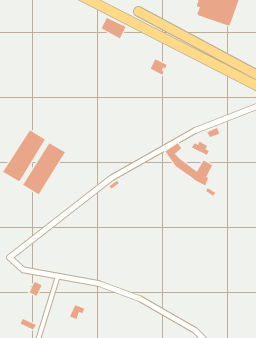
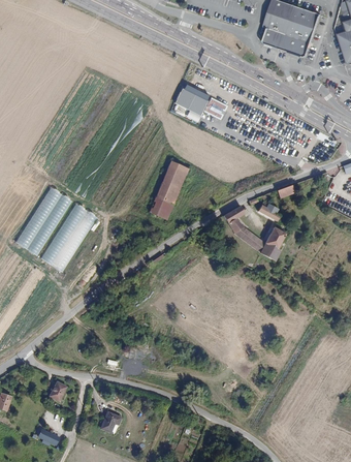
building: [101,17,127,39] -> [173,88,206,116]
building: none -> [148,160,187,219]

